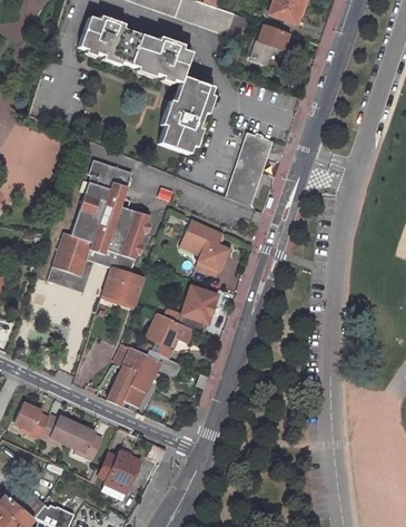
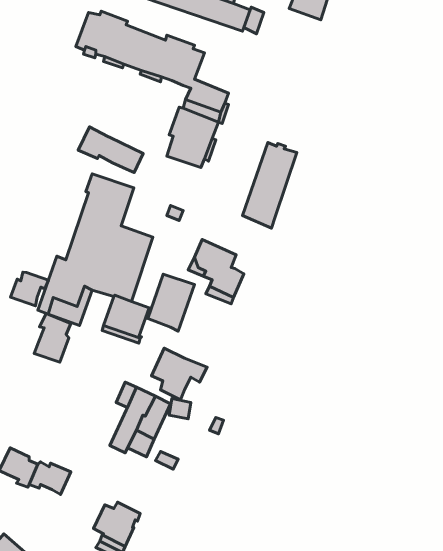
building: [250,22,287,64] -> none
building: none -> [78,127,143,172]
building: none -> [11,272,48,306]
building: none -> [34,313,71,362]
building: [176,283,217,333] -> [148,274,195,331]
building: [67,422,100,456] -> none

